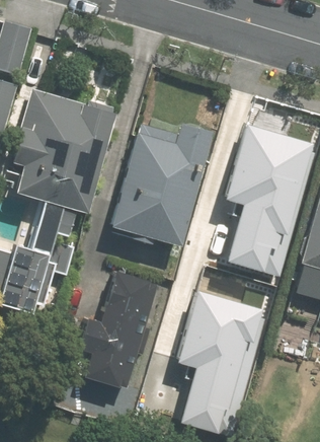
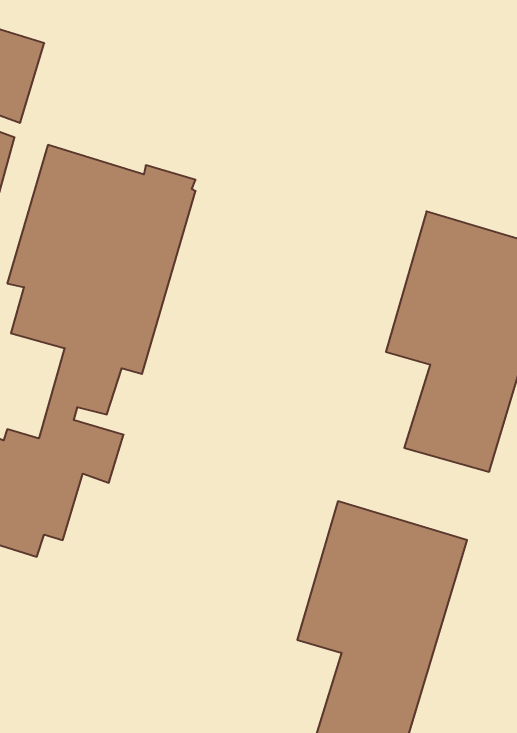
building: [111,122,210,246] -> none
building: [75,272,157,389] -> none

